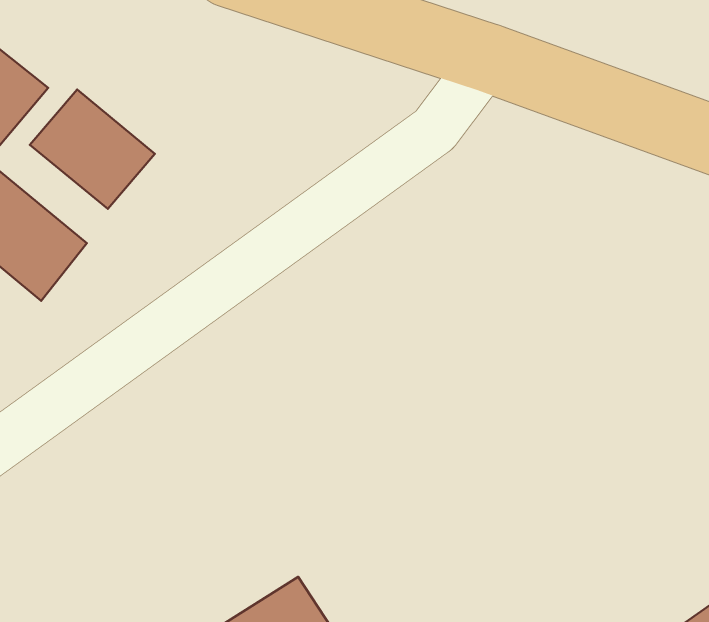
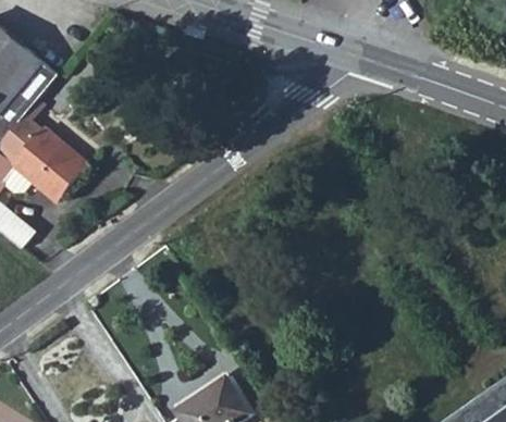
building: [30,90,155,209] -> none

